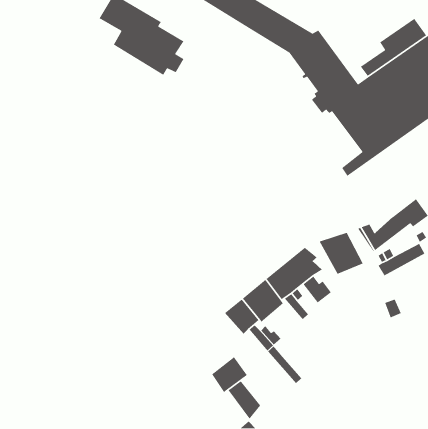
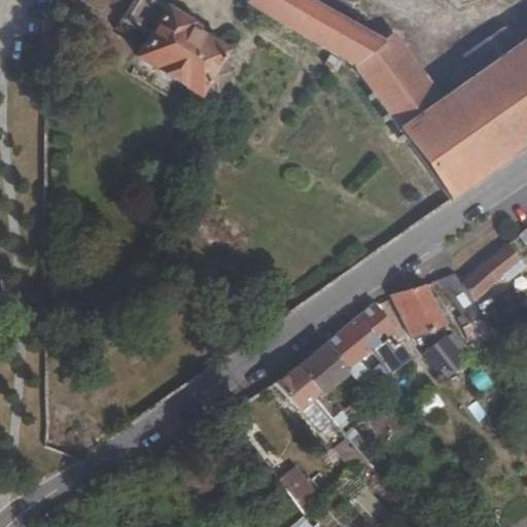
building: none -> [424,333,469,378]
building: [211,356,248,393] -> none

